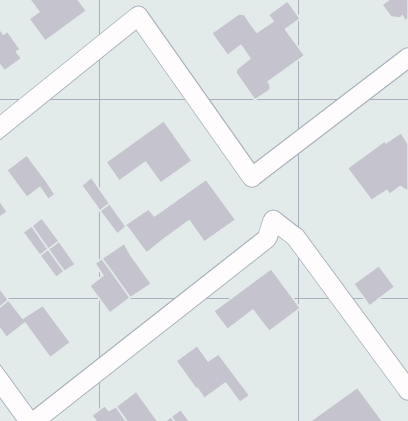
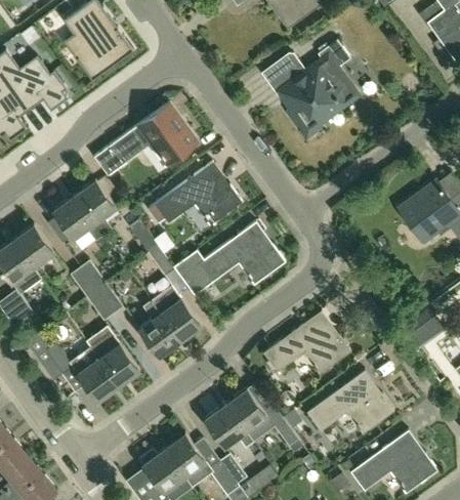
building: none -> [94,101,198,175]
building: none -> [74,180,115,236]
building: none -> [86,325,139,385]
building: none -> [306,370,394,434]
building: none -> [204,404,253,448]

